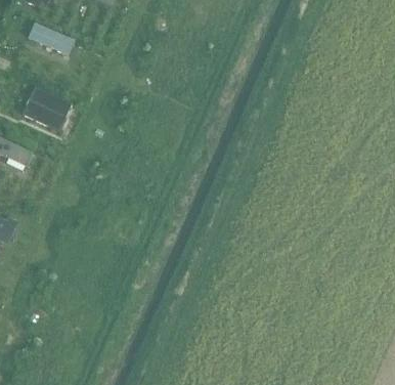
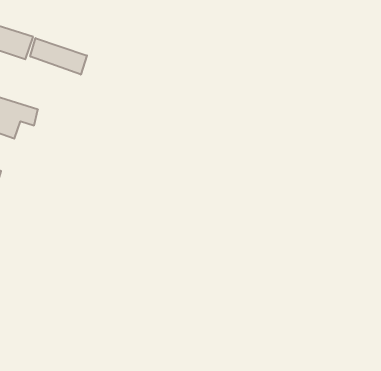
building: none -> [30,38,87,75]

